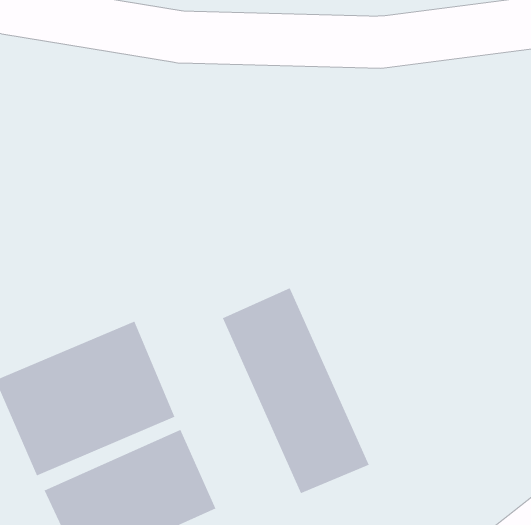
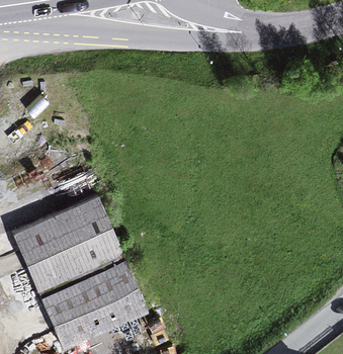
building: [222,287,370,494] -> none

